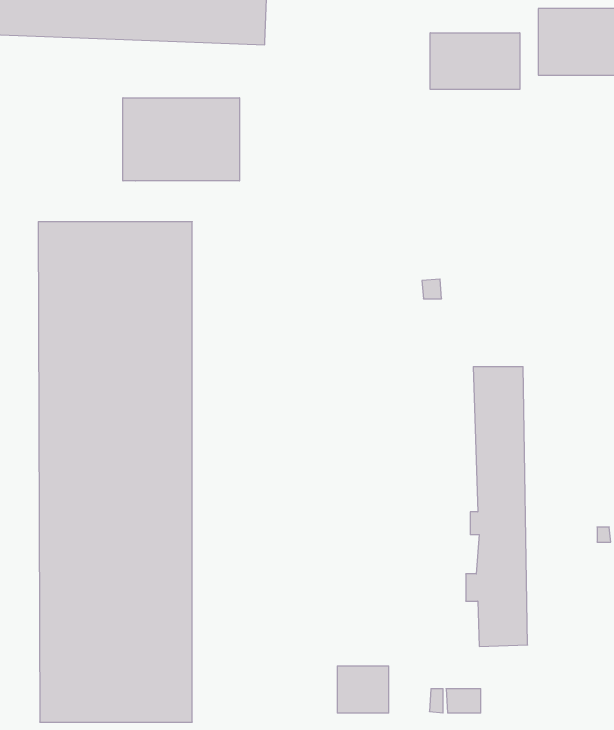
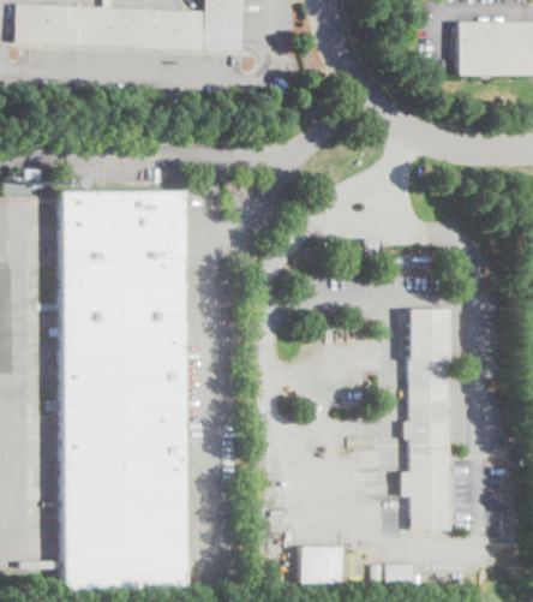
building: [430,33,520,89] -> none
building: [123,98,239,181] -> none

